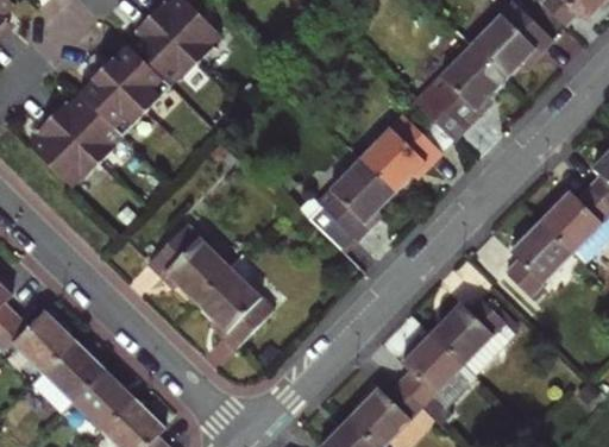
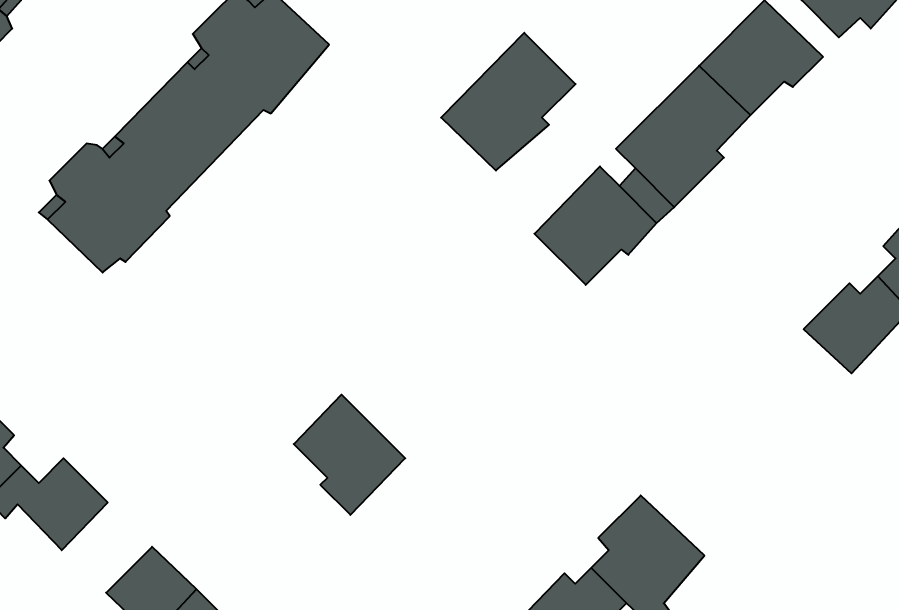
building: [303,158,394,251] -> [441,33,576,171]
building: [147,222,230,300] -> none
building: [507,222,572,295] -> none
building: [431,297,515,374] -> none
building: [42,339,102,399] -> none

